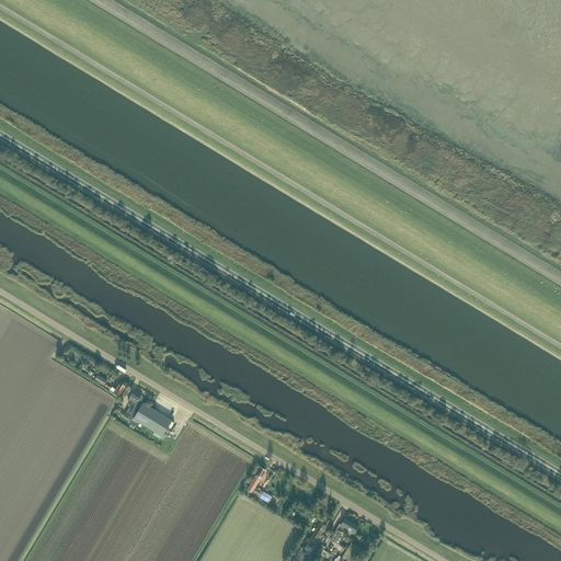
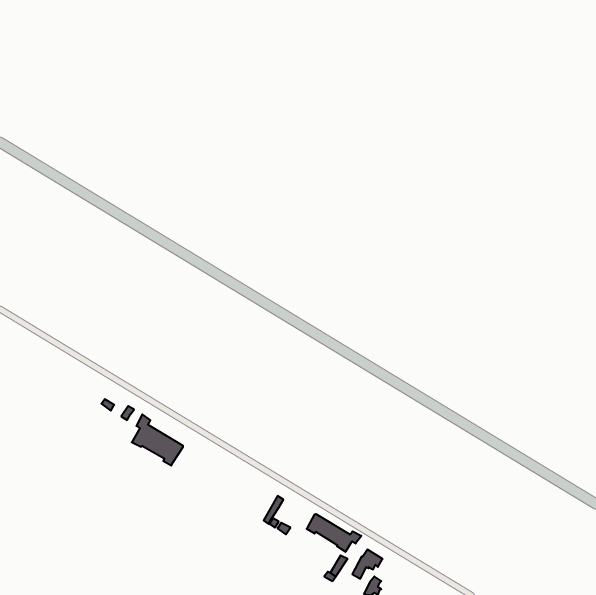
building: none -> [307,514,361,552]

